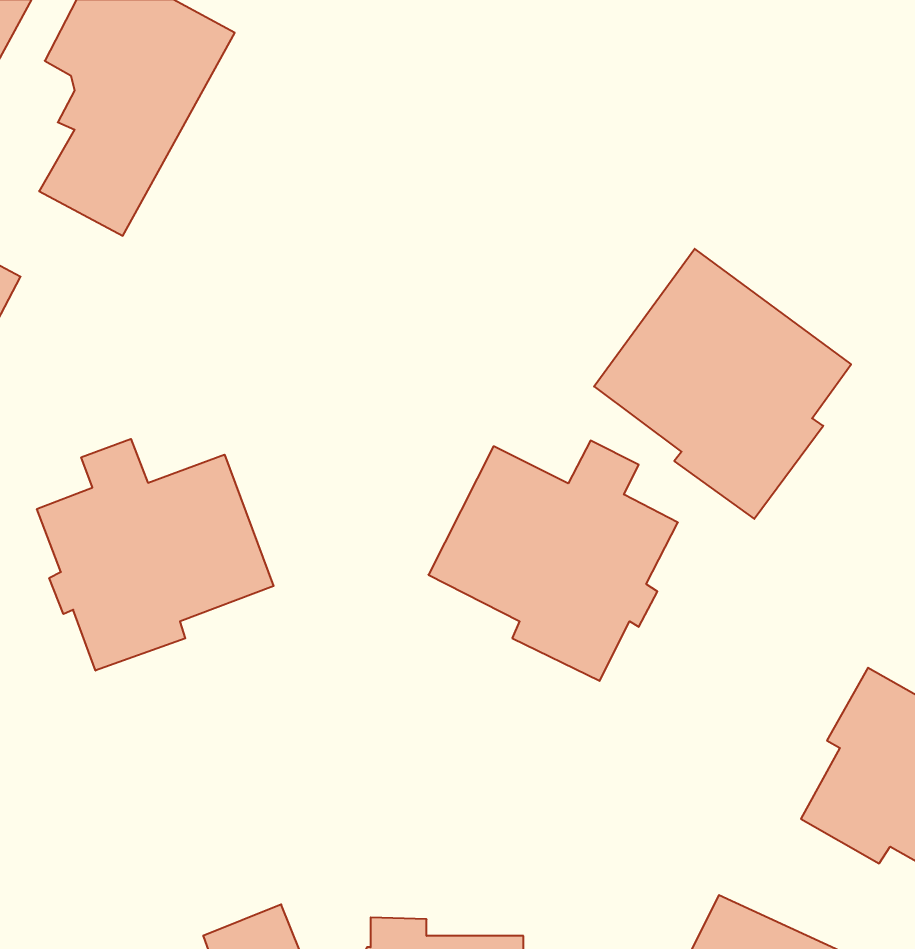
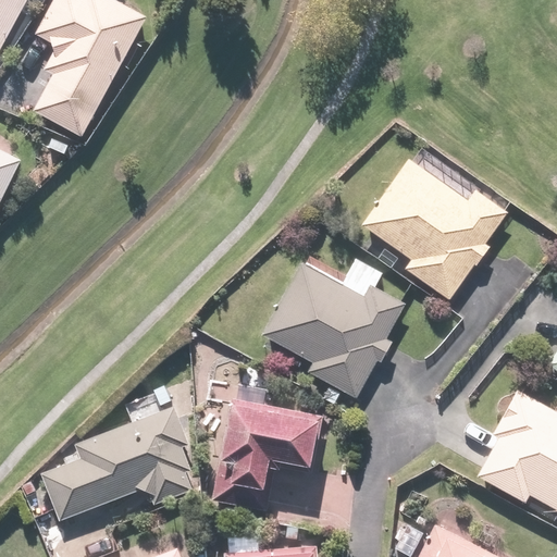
building: [37,439,274,671] -> none
building: none -> [208,398,322,512]
building: none -> [40,406,191,523]

